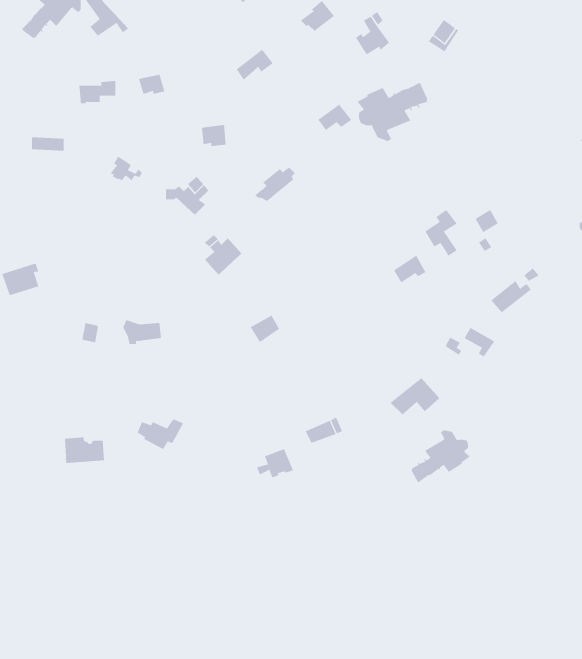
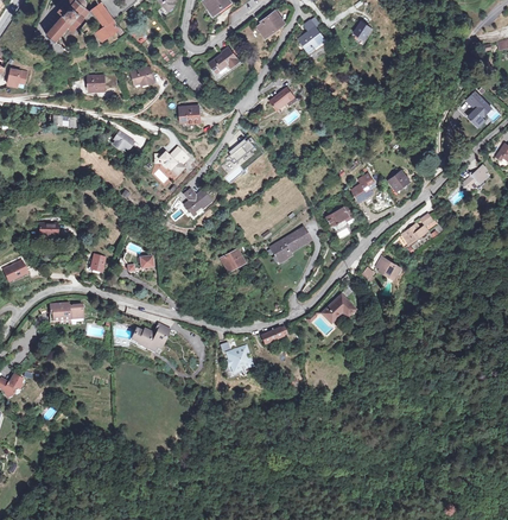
building: [357,82,429,142] -> none
building: none -> [268,226,309,262]
building: [410,430,470,483] -> none
building: [64,437,105,464] -> [52,304,83,324]

